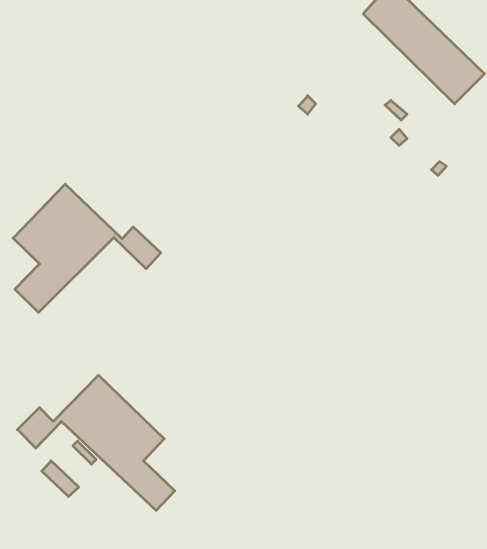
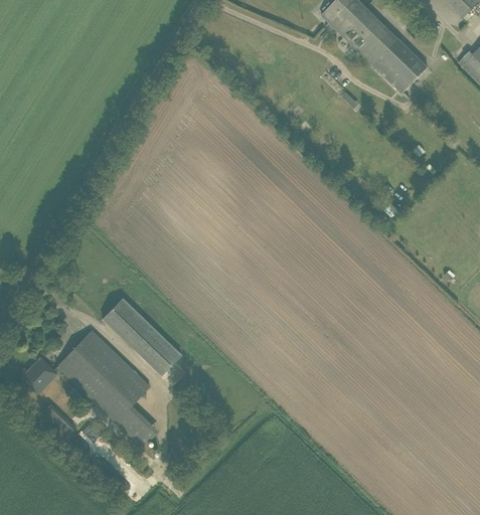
building: [13,184,161,312] -> none
building: none -> [102,297,181,375]

